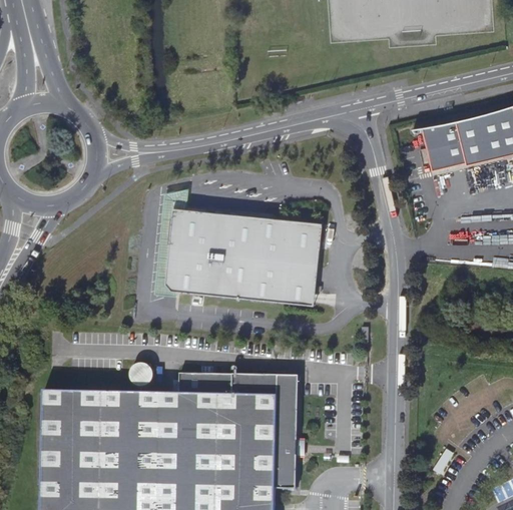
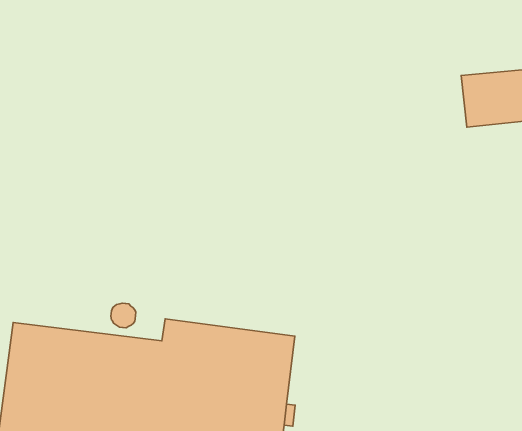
building: [152,189,322,307] -> none

